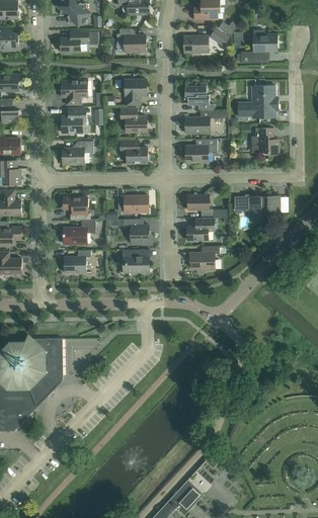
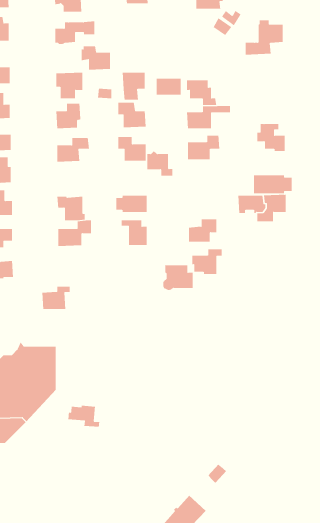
building: [116,28,145,52] -> [81,46,111,70]
building: [183,35,208,52] -> [156,78,182,95]
building: [237,85,277,117] -> none
building: none -> [253,175,292,194]
building: [187,191,213,215] -> [146,150,173,176]
building: [116,249,149,273] -> [159,265,194,290]
building: [63,250,90,272] -> [42,286,70,310]
building: none -> [68,405,100,428]

